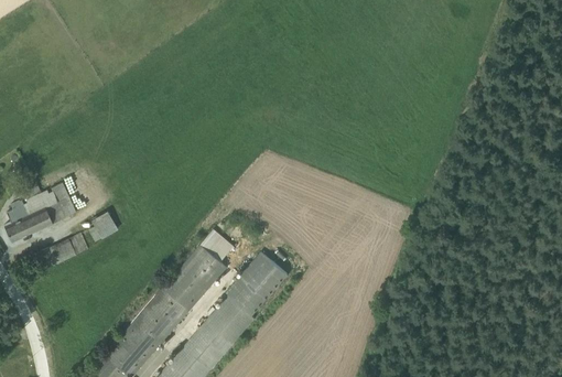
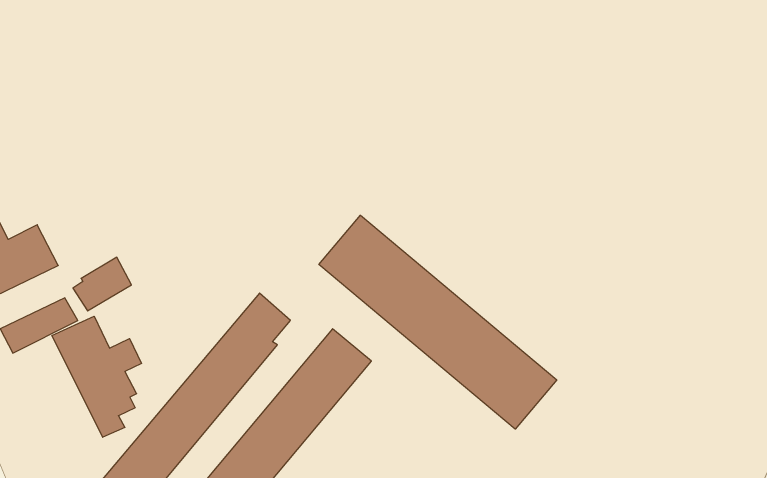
building: none -> [319,215,557,429]
building: none -> [52,316,142,437]

